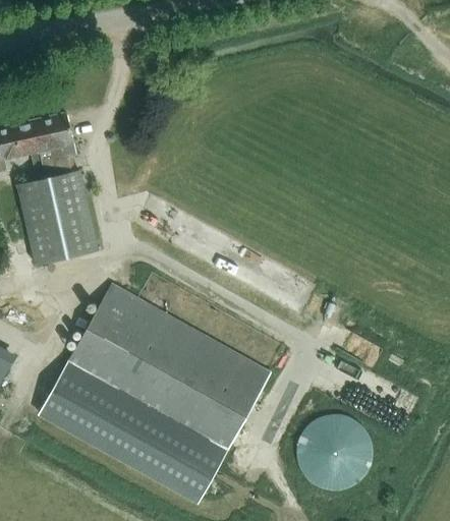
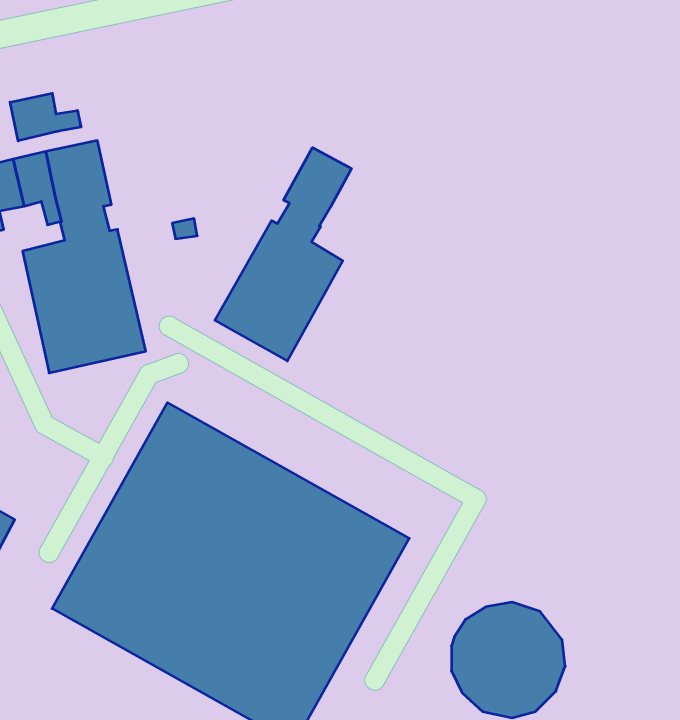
building: none -> [10,93,81,141]
building: none -> [215,148,351,361]

